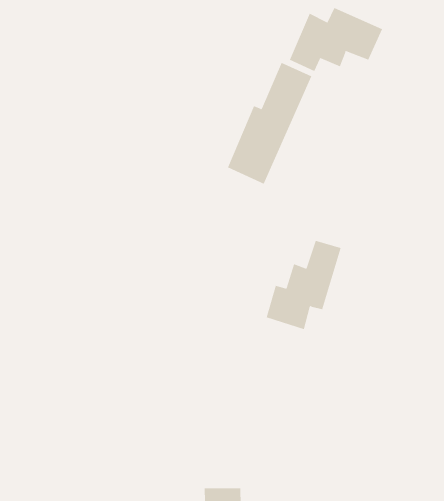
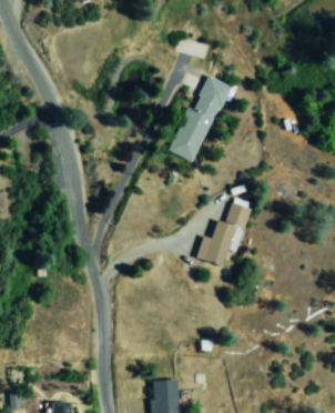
building: [289,7,383,72] -> none

